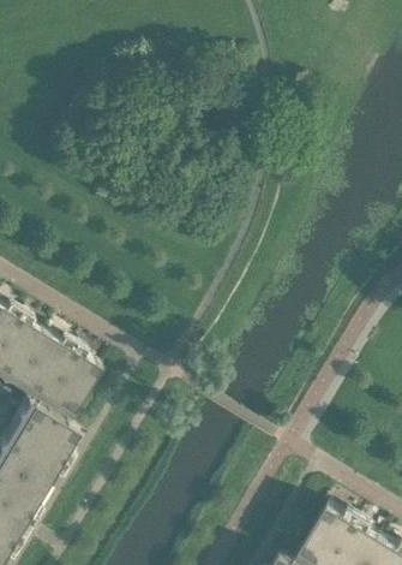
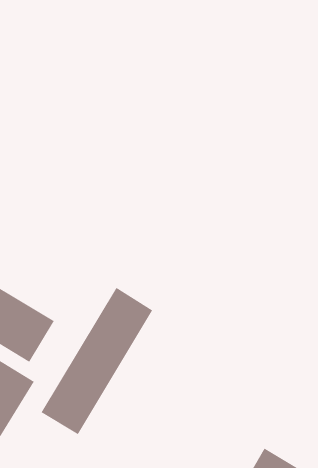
building: none -> [40,287,153,435]

